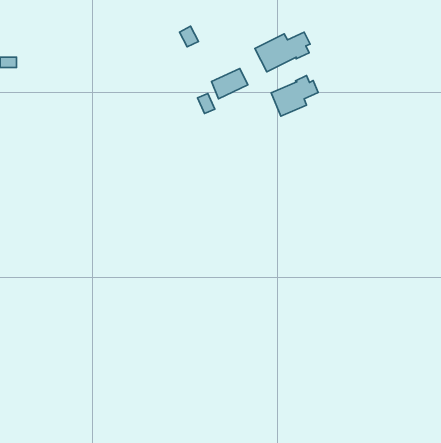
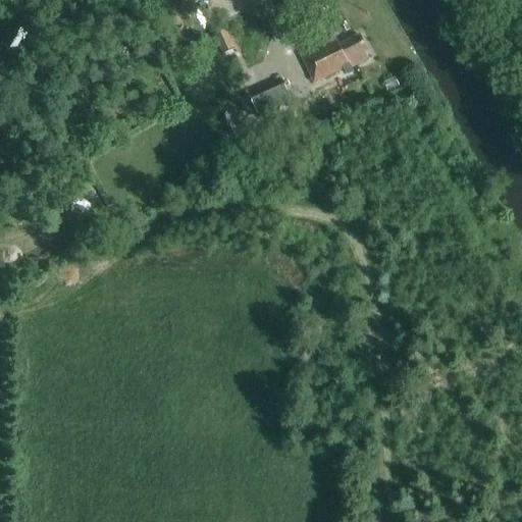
building: [271,76,318,116] -> none

